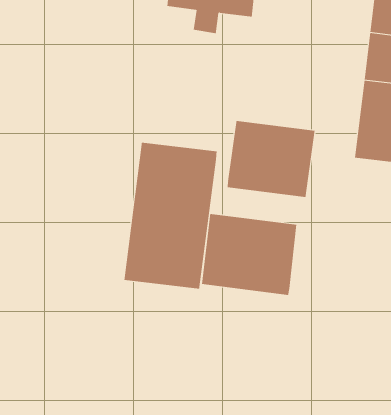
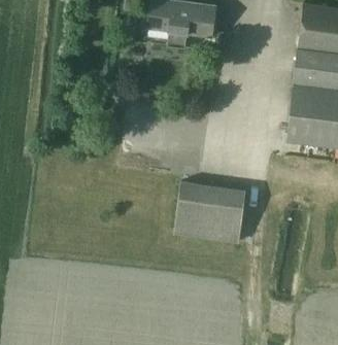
building: [227,120,315,198] -> none
building: [124,142,217,290] -> none

